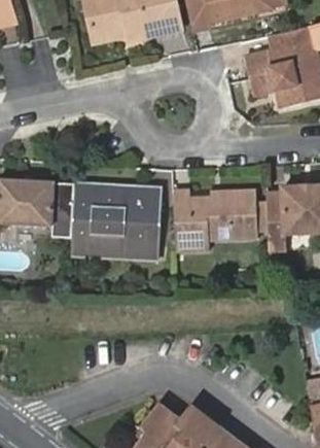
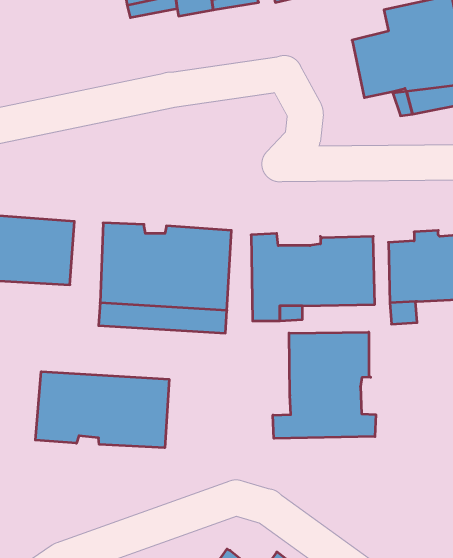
building: none -> [273,332,376,438]
building: none -> [35,372,169,448]

